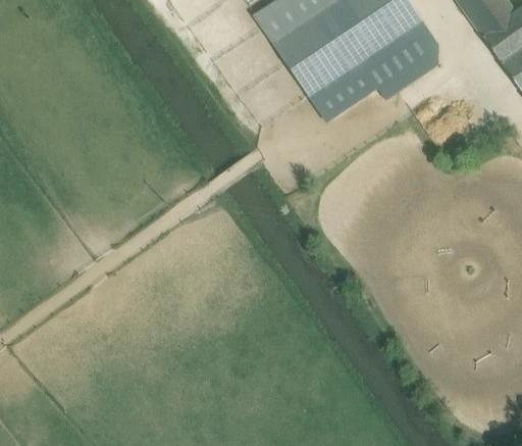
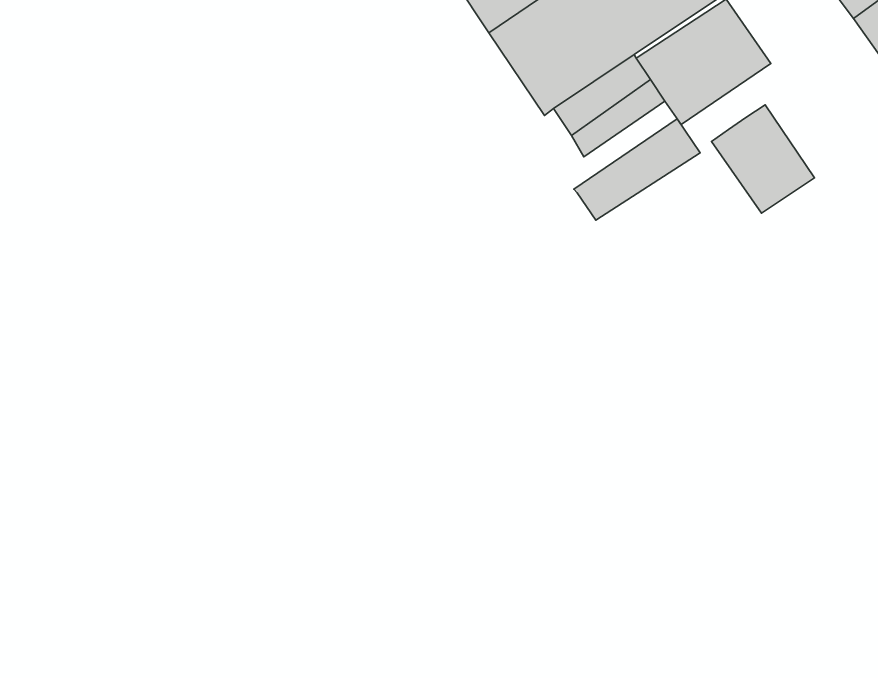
building: none -> [711,105,815,213]
building: none -> [574,119,700,220]

